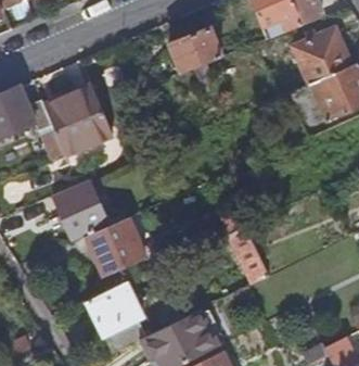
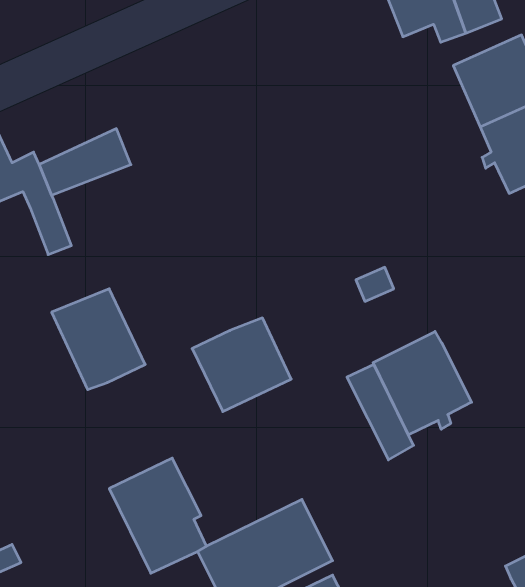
building: [167,27,221,74] -> none
building: [52,105,112,167] -> none
building: none -> [373,331,472,435]
building: [86,218,145,275] -> [192,318,291,412]

